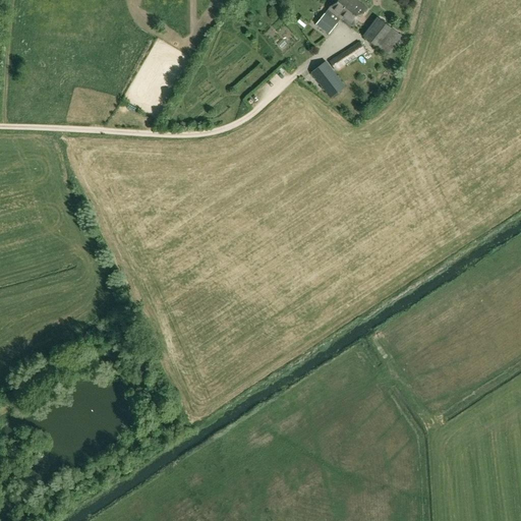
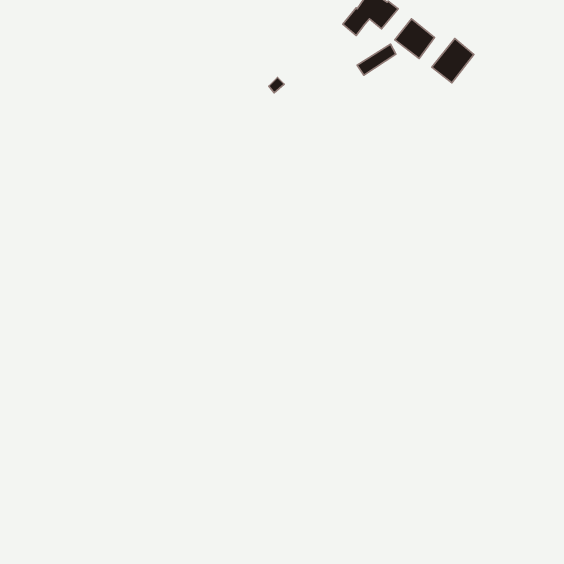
building: none -> [432,38,474,83]
building: [310,60,345,97] -> none

